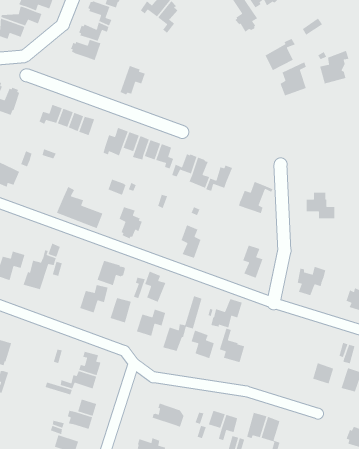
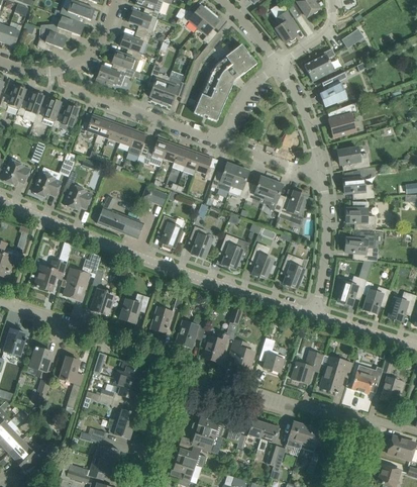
building: none -> [193,43,256,120]
building: [319,50,349,84] -> [328,102,358,136]
building: none -> [95,64,135,85]
building: none -> [147,64,169,102]
building: none -> [51,102,79,130]
building: none -> [127,128,148,156]
building: none -> [336,147,369,168]
building: none -> [263,177,284,211]
building: none -> [342,177,374,198]
building: none -> [63,182,92,209]
building: none -> [344,230,377,261]
building: none -> [250,242,273,278]
building: [96,260,126,286] -> [90,288,119,314]
building: [144,270,166,303] -> [189,225,211,258]
building: none -> [362,286,390,313]
building: [207,298,243,329] -> [288,351,323,381]
building: none -> [59,356,83,407]
building: none -> [320,356,352,392]
building: none -> [187,426,215,452]

